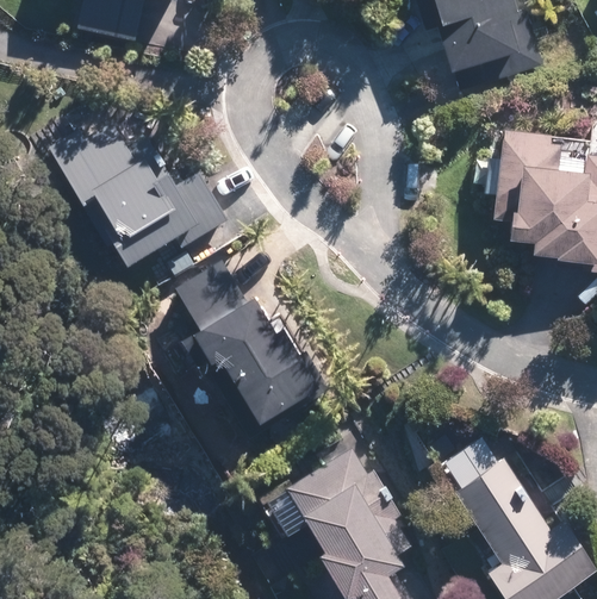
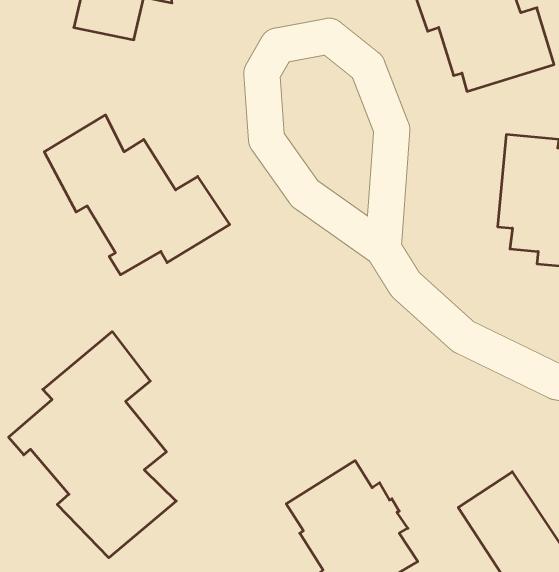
building: [176,258,316,425] -> none
building: none -> [9,332,176,558]

